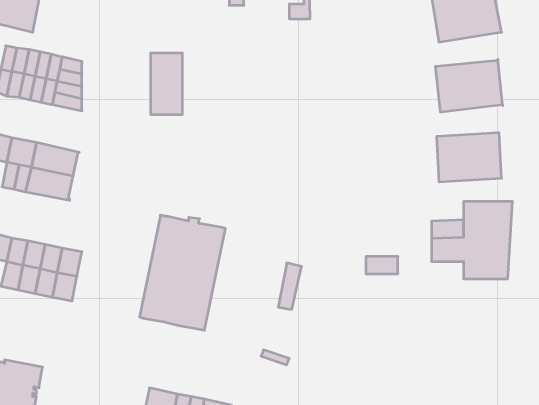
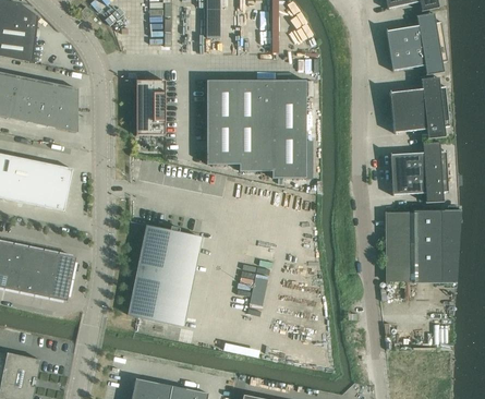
building: none -> [206,80,306,177]
building: none -> [386,211,414,229]
building: [366,257,398,274] -> [386,265,414,280]

